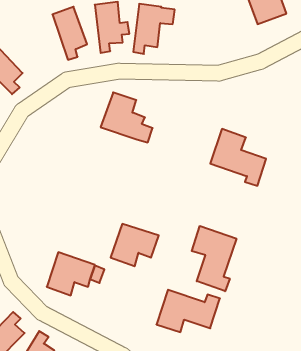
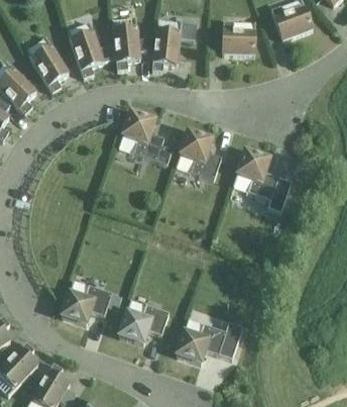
building: none -> [222,21,255,55]
building: none -> [25,37,68,93]
building: none -> [175,131,221,181]
building: [111,224,159,266] -> [118,300,168,344]
building: [192,226,236,291] -> none

